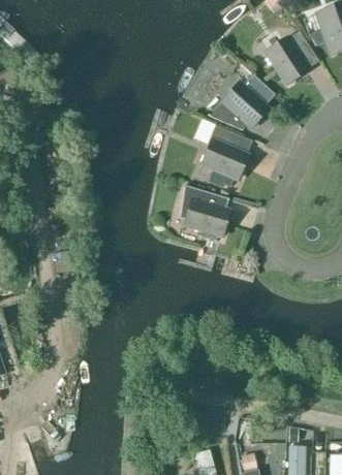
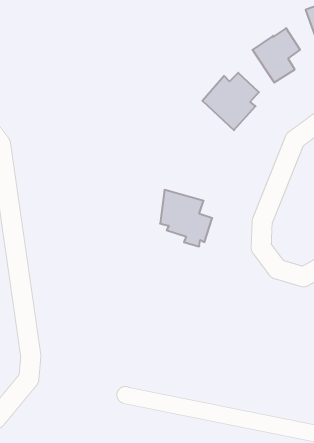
building: [197,124,250,186] -> none

